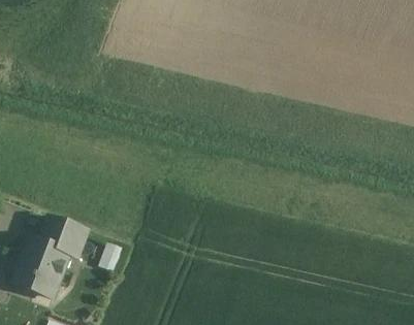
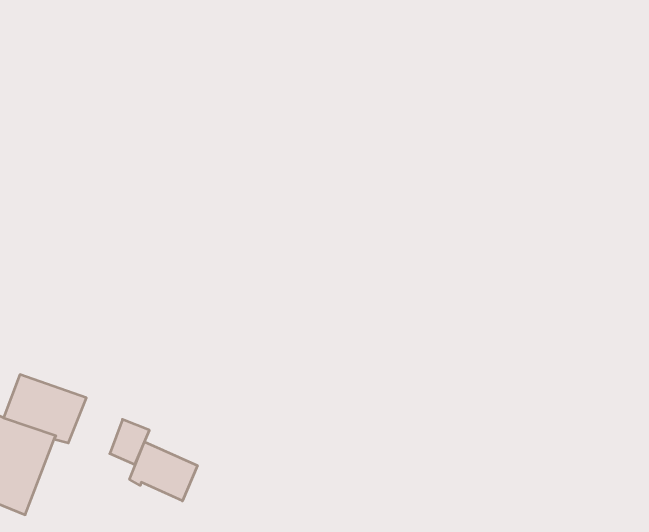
building: none -> [130,442,197,501]

